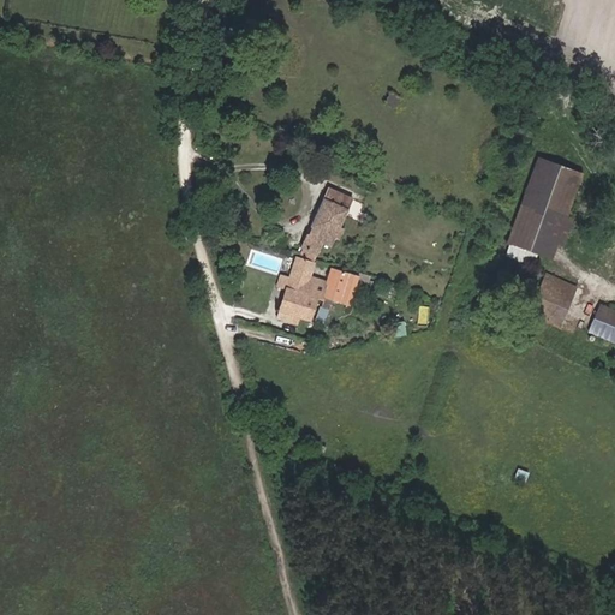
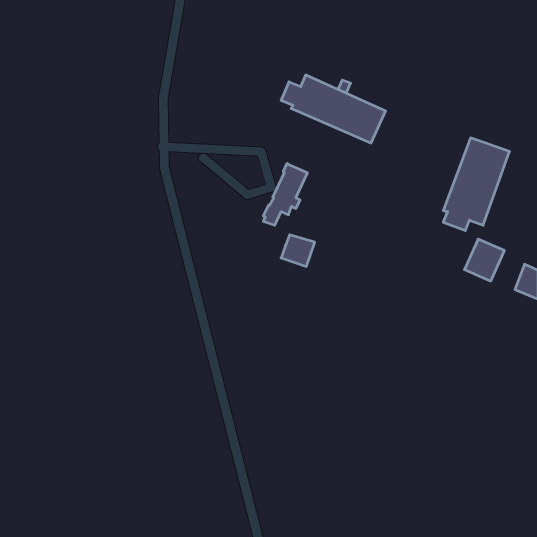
building: none -> [281,75,386,143]
building: [277,252,327,323] -> none

